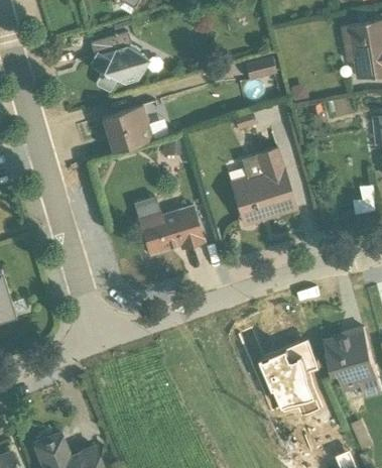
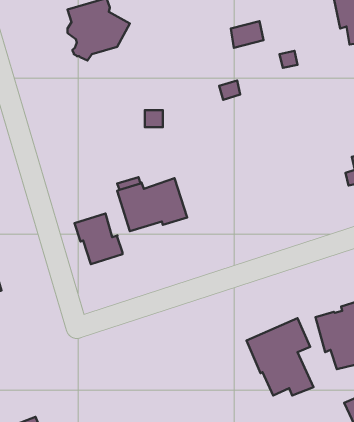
building: [99,106,167,153] -> none
building: [229,147,294,225] -> none
building: none -> [75,214,123,264]

